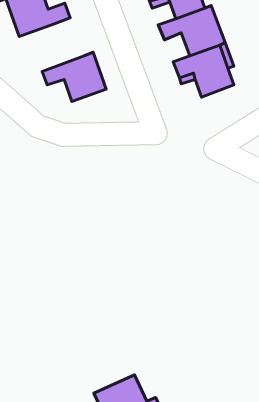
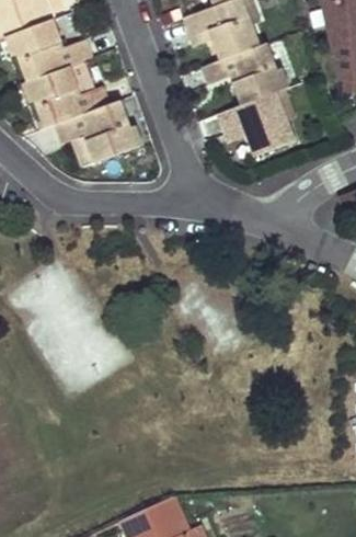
building: none -> [27,64,108,126]

